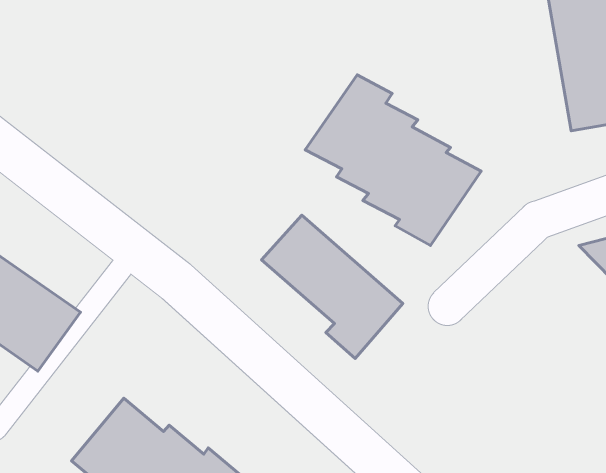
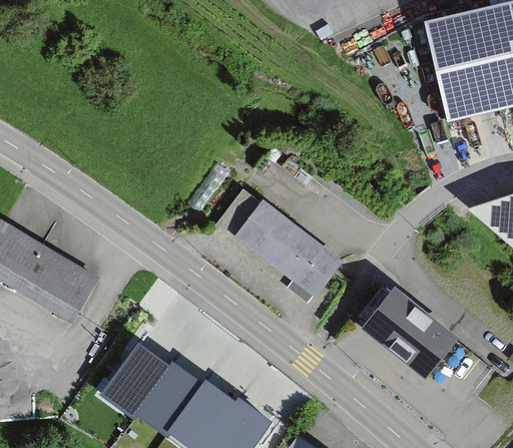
building: [305,75,481,246] -> none
building: none -> [360,289,451,374]

